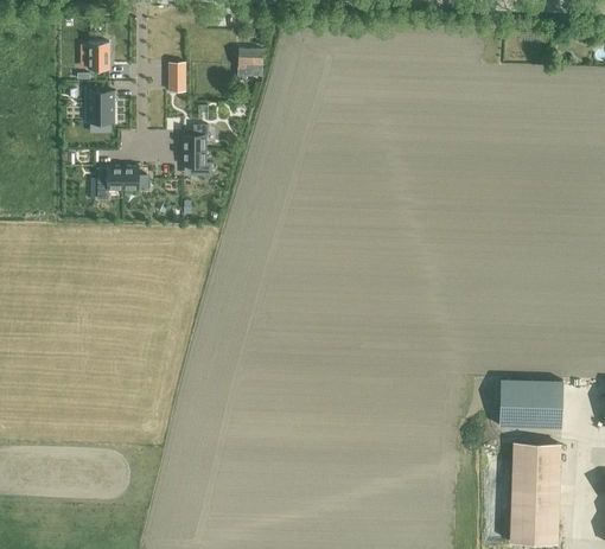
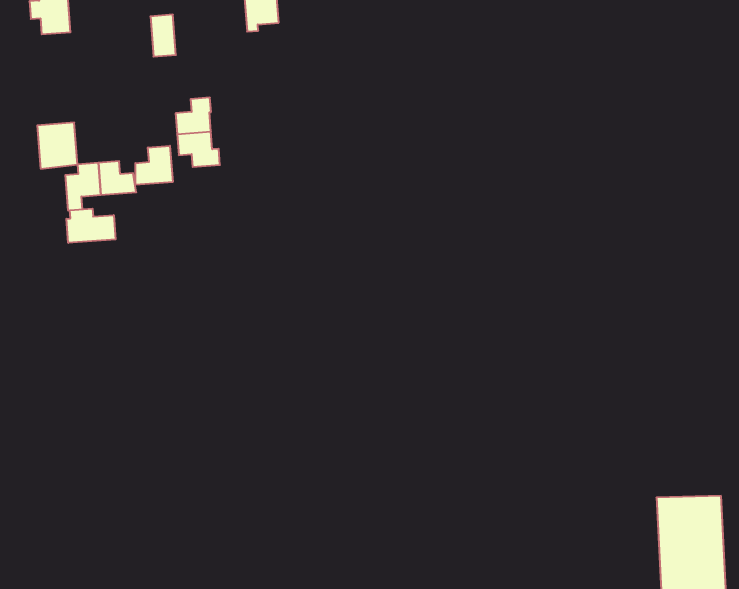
building: [87,91,114,123] -> [37,123,77,169]
building: none -> [135,146,173,185]
building: none -> [66,209,116,243]
building: [502,379,562,428] -> none

